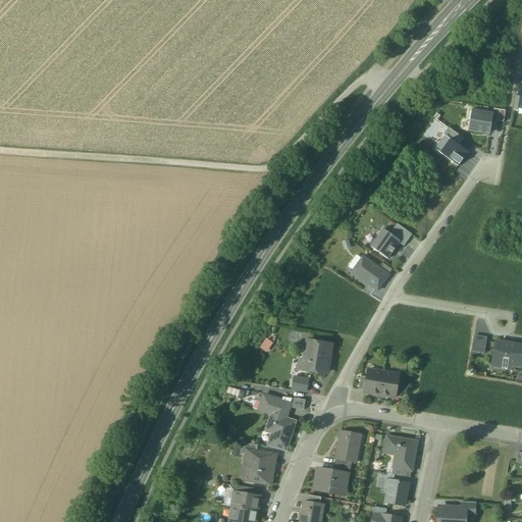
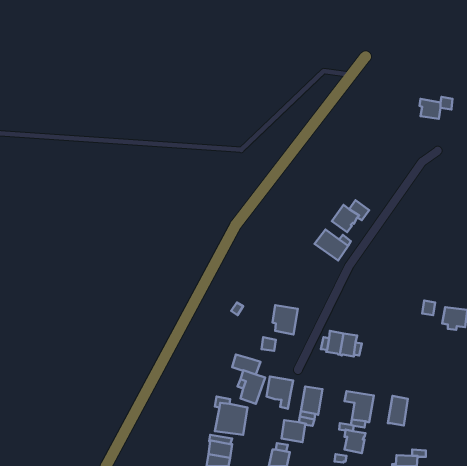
building: [439,135,468,165] -> none
building: none -> [266,376,293,409]
building: none -> [388,396,408,425]

